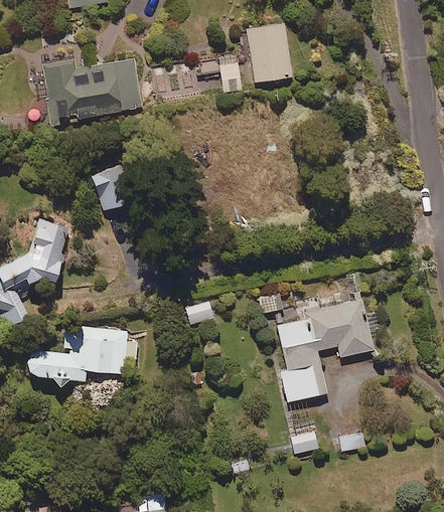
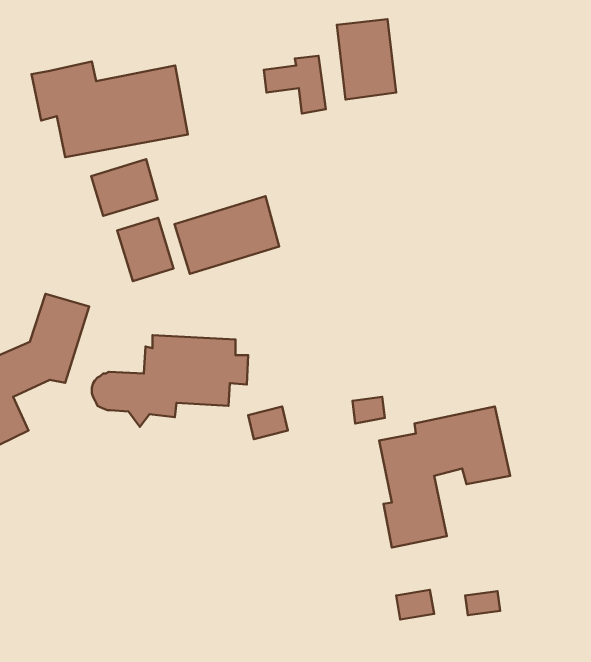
building: none -> [91,159,157,216]
building: none -> [174,196,279,274]
building: [25,325,137,390] -> [92,335,248,427]

